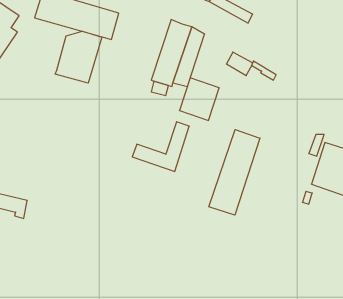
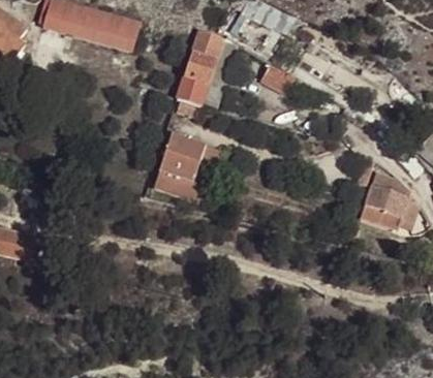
building: [55,31,102,83] -> none
building: [179,78,219,120] -> [157,133,203,182]
building: [209,130,260,215] -> none

